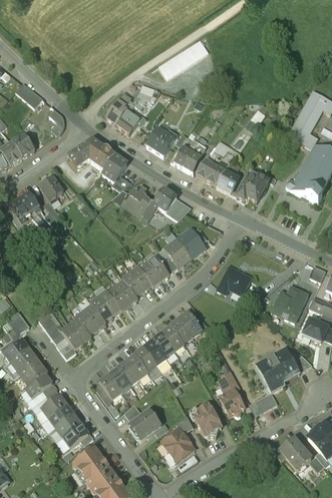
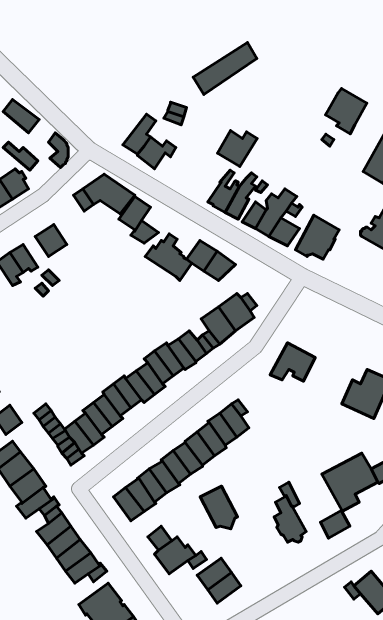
building: none -> [326,89,367,134]
building: [146,128,177,155] -> [217,131,257,167]
building: [193,406,221,438] -> [200,486,237,529]

